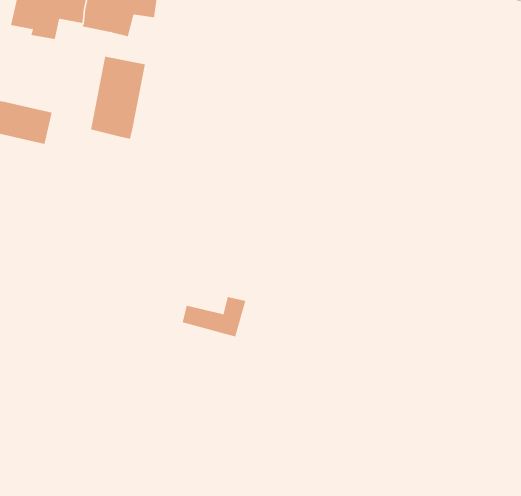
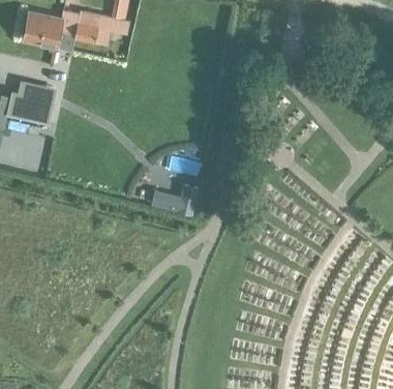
building: [90,56,146,140] -> none
building: [182,296,246,337] -> [151,185,196,214]

